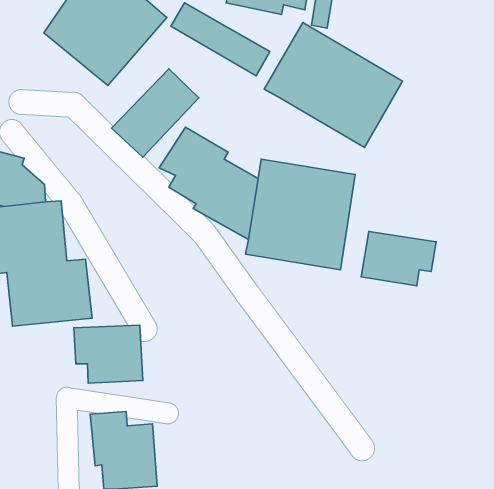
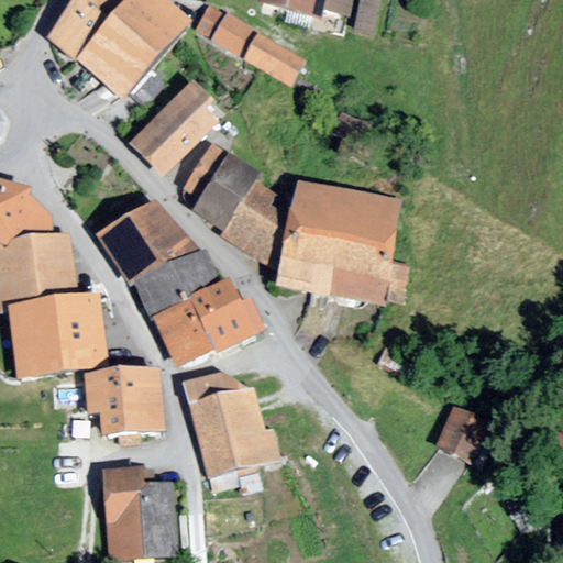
building: [264,22,403,147] -> none
building: none -> [97,200,262,365]
building: [361,231,436,286] -> none
building: none -> [180,372,278,476]
building: none -> [432,404,487,463]

